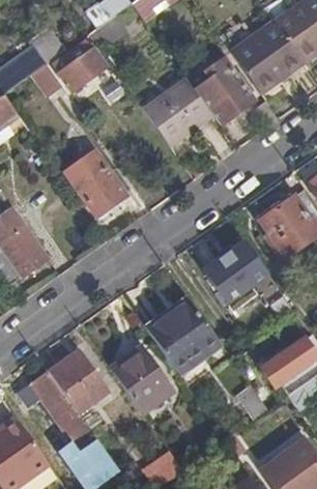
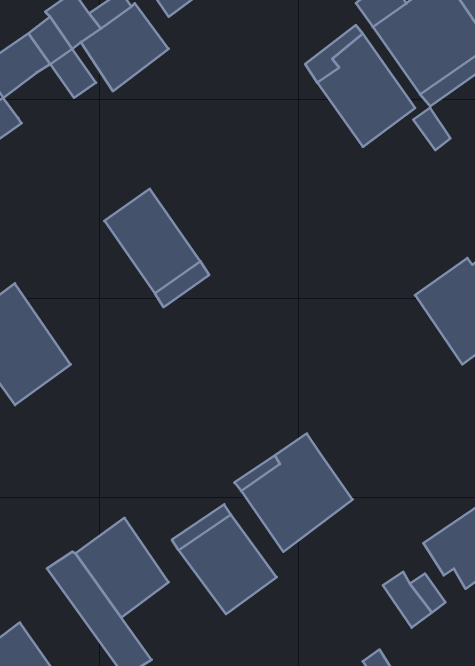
building: [143,78,213,146] -> none
building: [201,241,266,313] -> none

